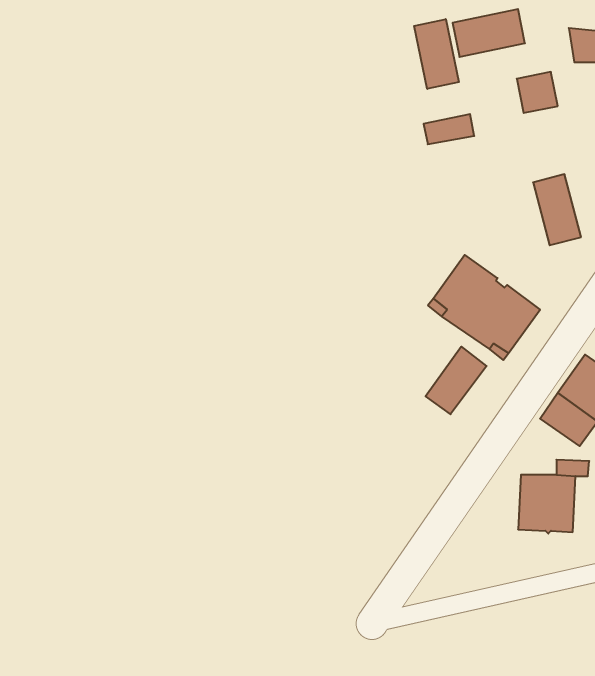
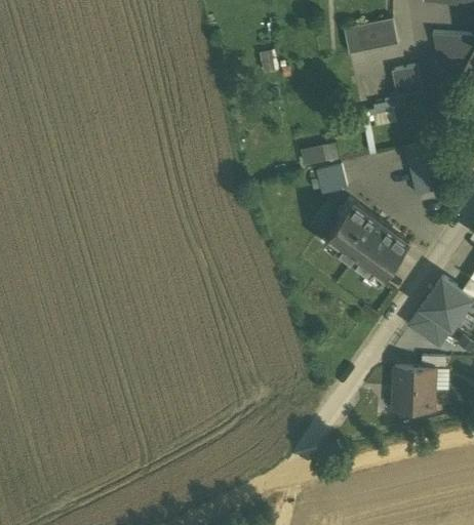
building: [414,19,459,89] -> none
building: [424,114,474,144] -> [302,143,340,165]
building: none -> [318,166,348,196]
building: [426,347,487,414] -> none

